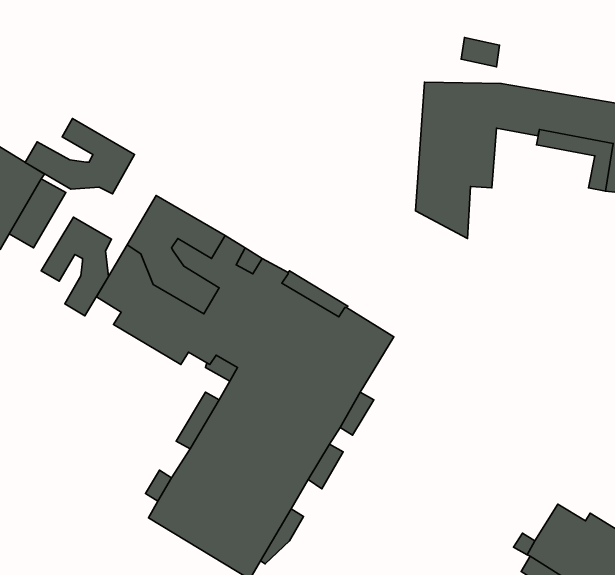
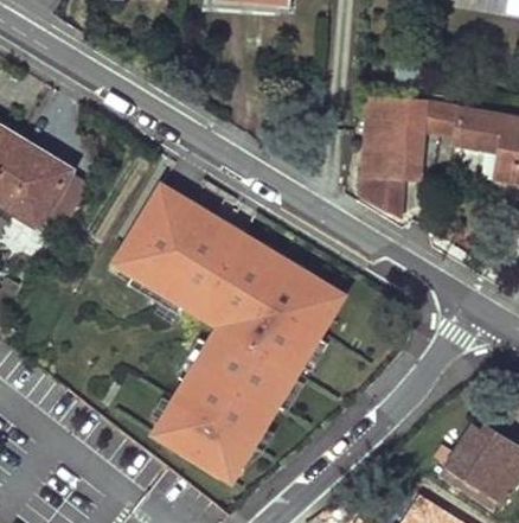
building: [25,118,135,194] -> none
building: [41,217,111,316] -> none

